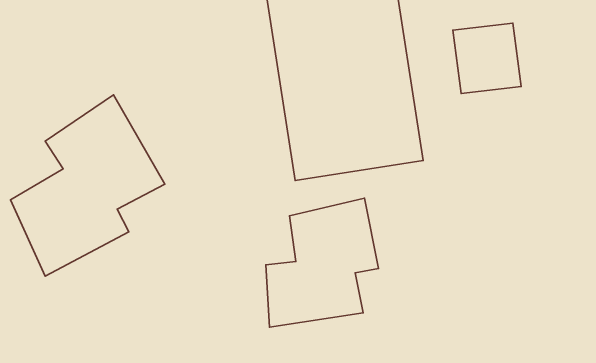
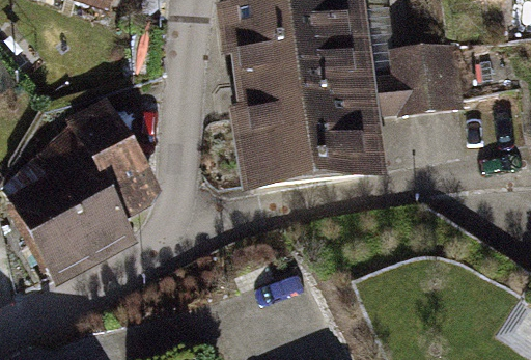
building: [266,198,378,327] -> none

